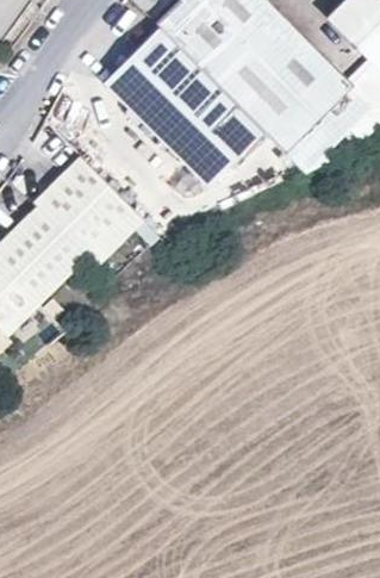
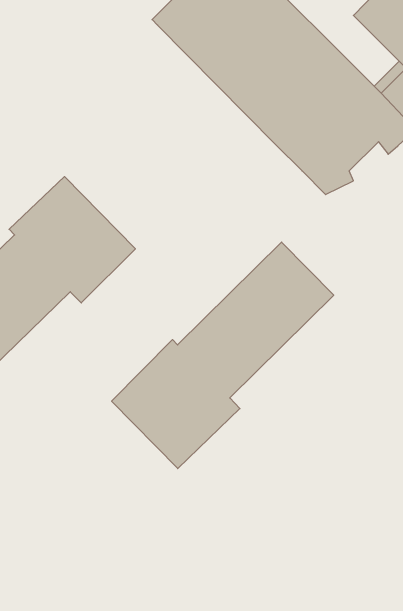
building: [105,27,261,185] -> none
building: none -> [112,242,334,469]

